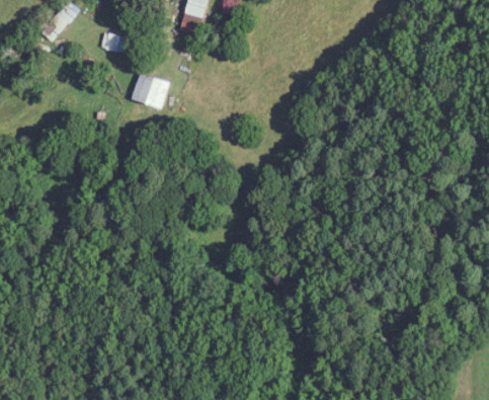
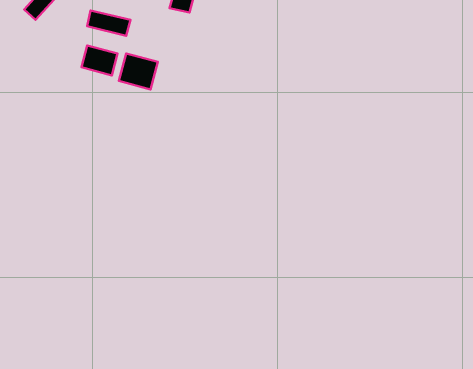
building: none -> [81,45,118,75]

